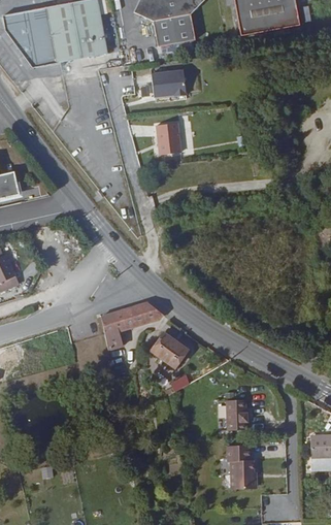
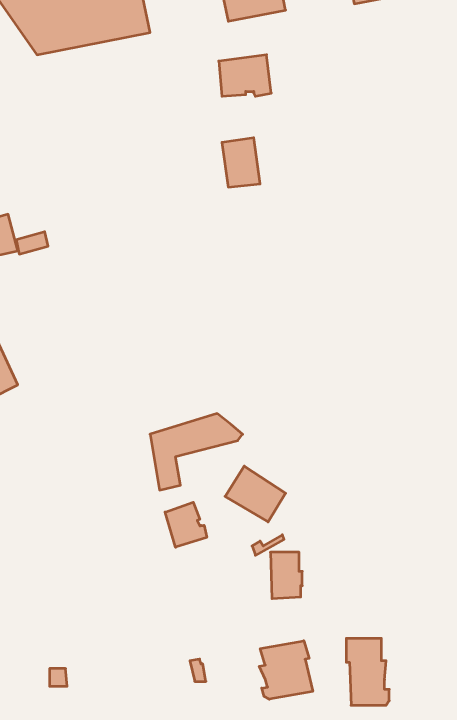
building: none -> [165,502,207,547]
building: [232,400,253,430] -> [270,552,302,599]
building: none -> [259,641,313,699]

